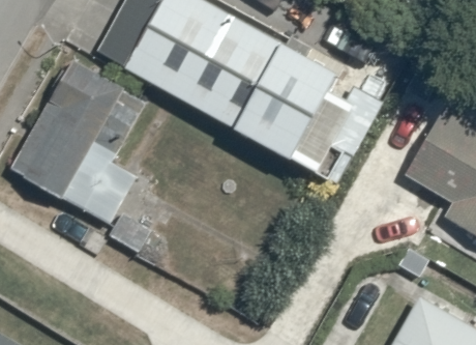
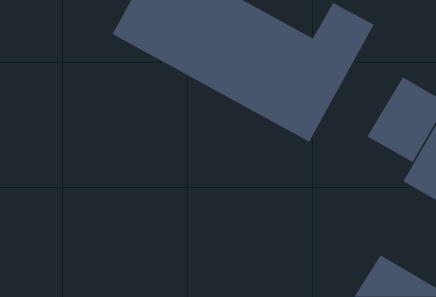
building: [10,58,144,224] -> none

